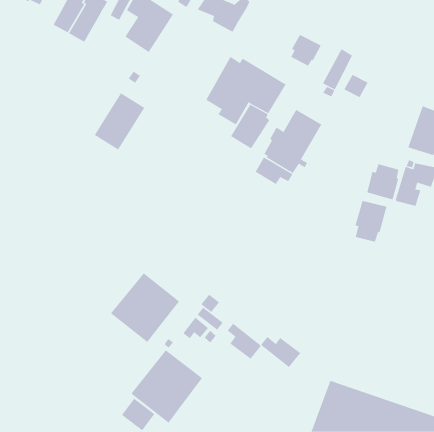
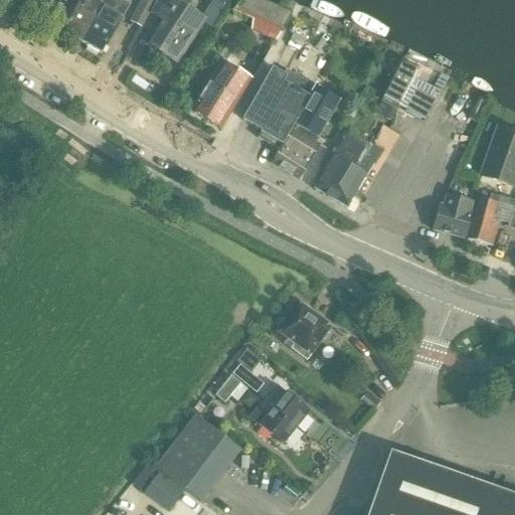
building: [291,34,322,66] -> none
building: [93,93,145,151] -> [192,58,253,127]
building: [255,157,293,185] -> none
building: [355,200,387,242] -> none
building: none -> [277,301,331,357]
building: [110,273,180,343] -> none
building: [260,336,301,368] -> [249,404,298,442]

